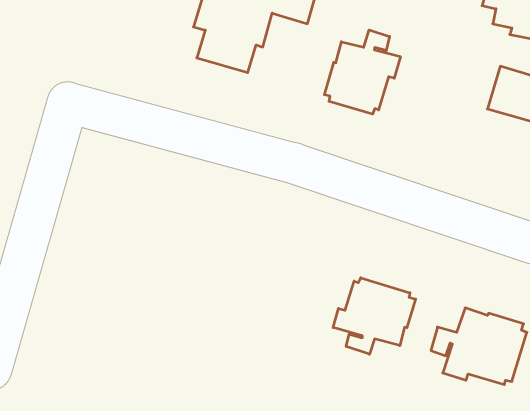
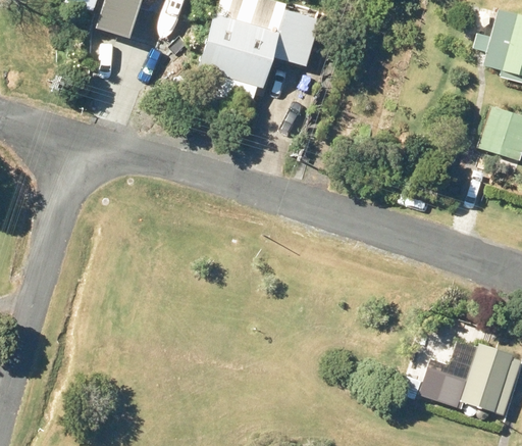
building: [324,30,400,114] -> none
building: [333,278,416,354] -> none

